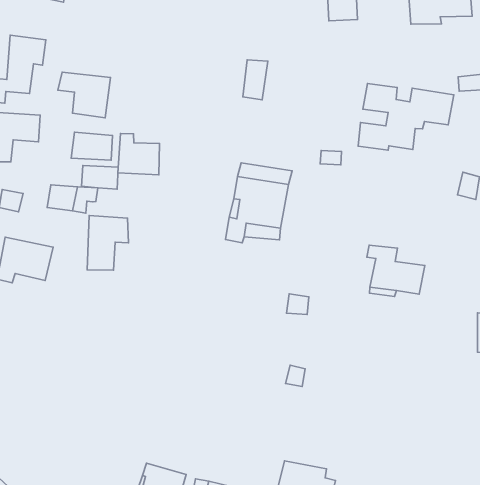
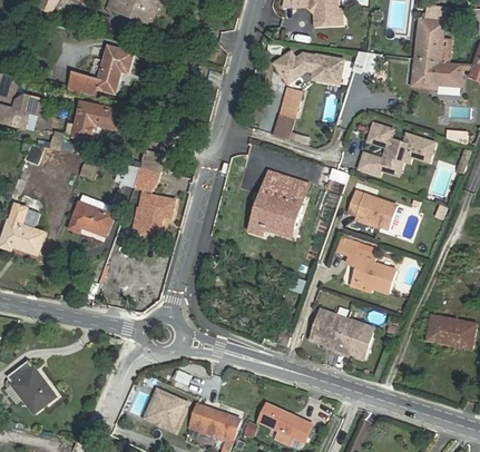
building: none -> [274,52,344,83]
building: [58,72,111,118] -> none
building: [71,132,112,160] -> none
building: [118,133,160,175] -> none
building: none -> [345,189,395,226]
building: none -> [310,311,374,360]

